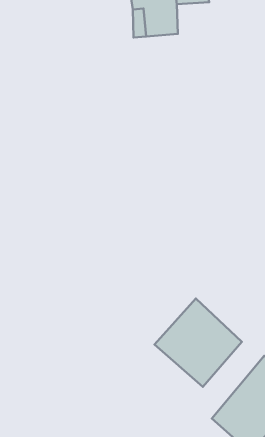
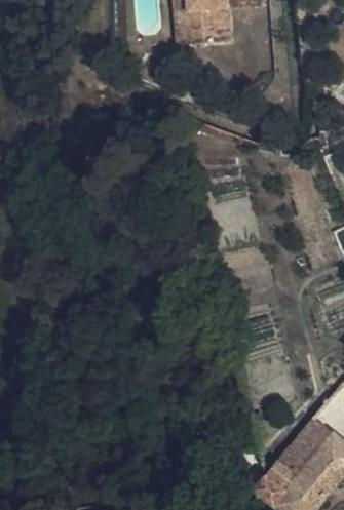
building: [154,299,242,387] -> none

